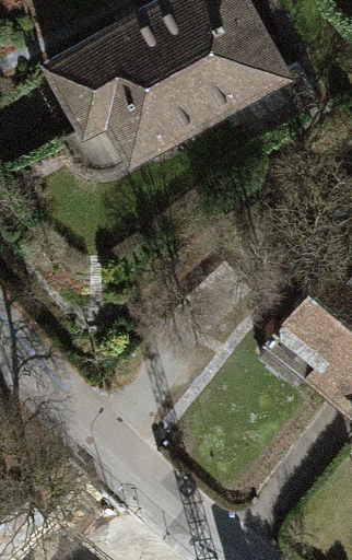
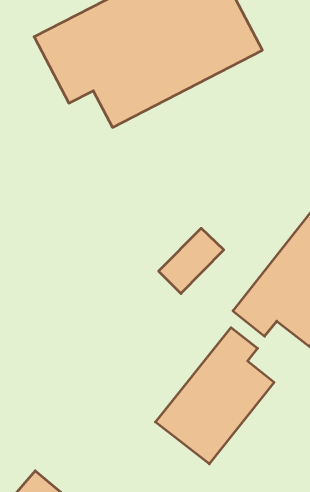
building: none -> [155,328,274,464]

